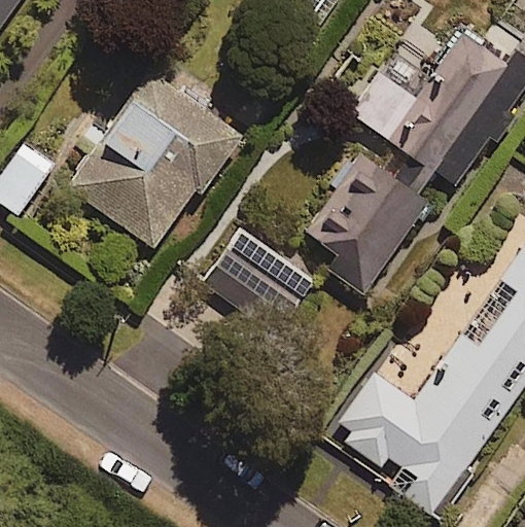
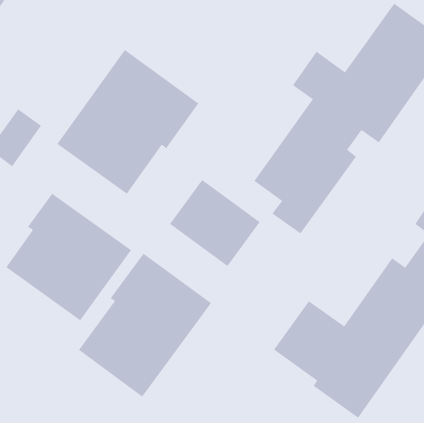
building: none -> [5,193,132,321]
building: none -> [78,253,212,397]

